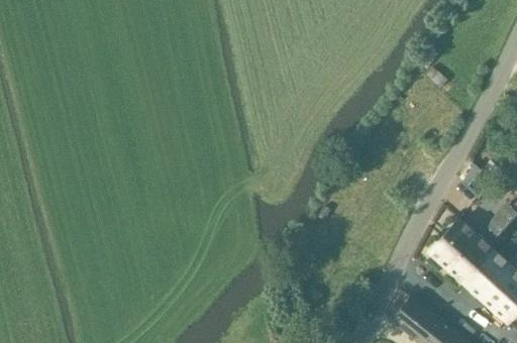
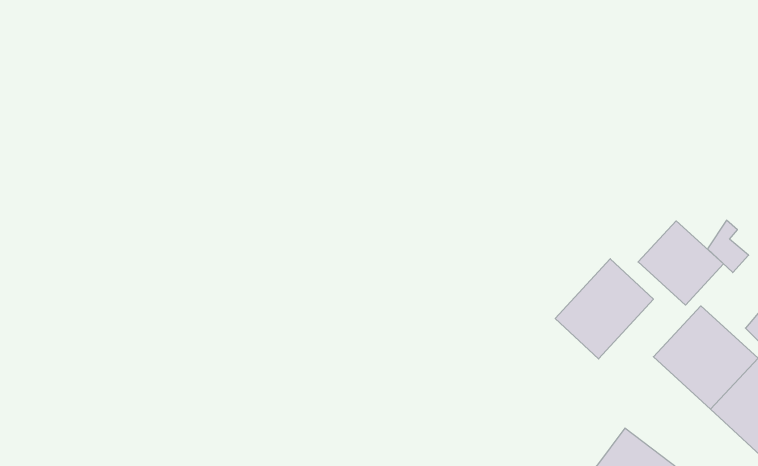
building: none -> [638,221,723,305]
building: none -> [555,259,653,359]

